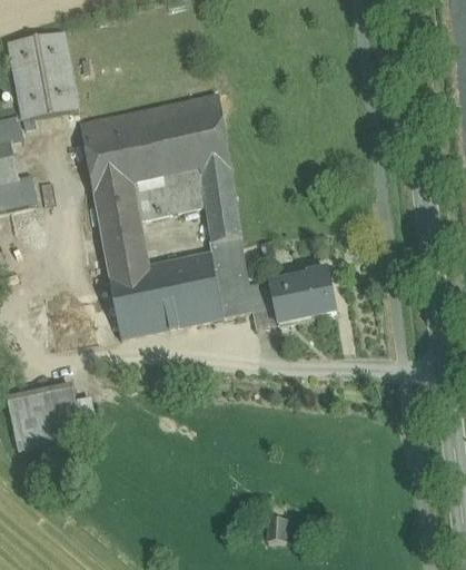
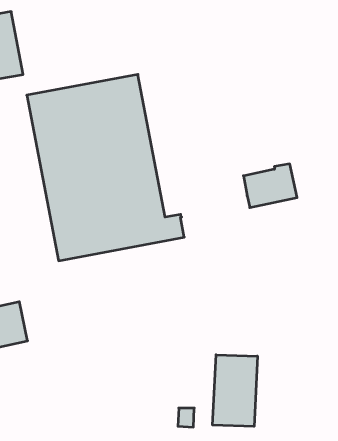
building: [269,267,335,321] -> [243,164,297,208]
building: none -> [213,355,257,426]

